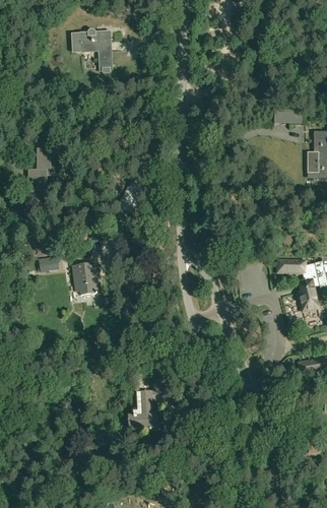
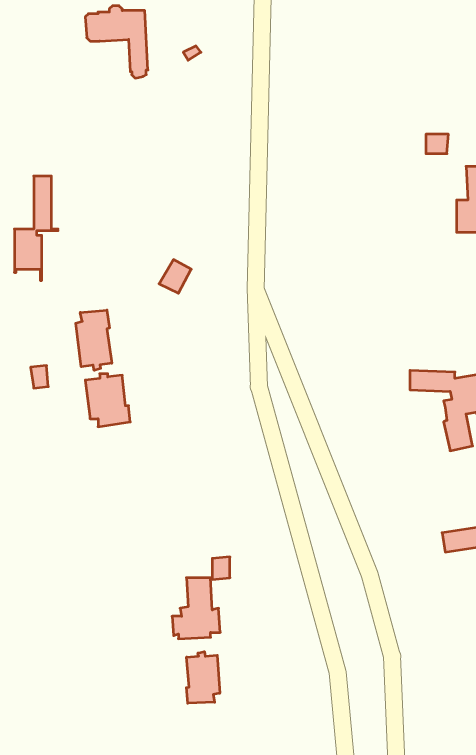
building: none -> [76,310,112,370]
building: none -> [186,652,220,703]

